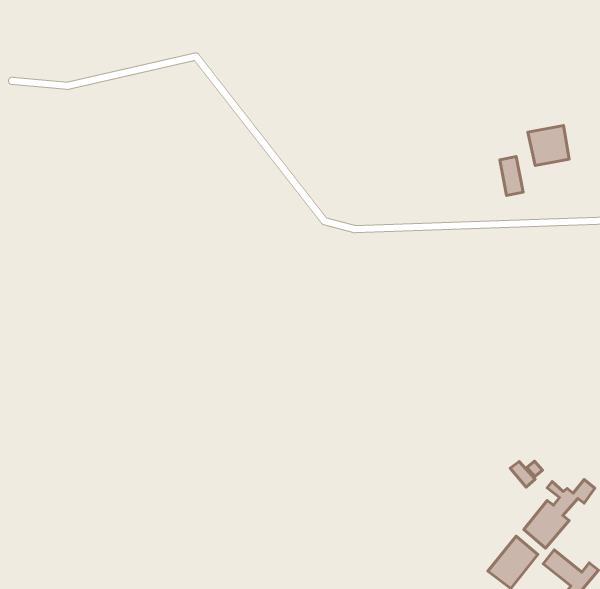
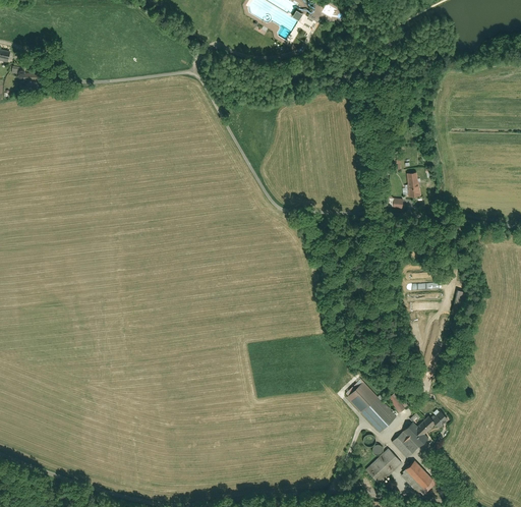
building: [528,125,569,166] -> none
building: none -> [347,382,396,433]

